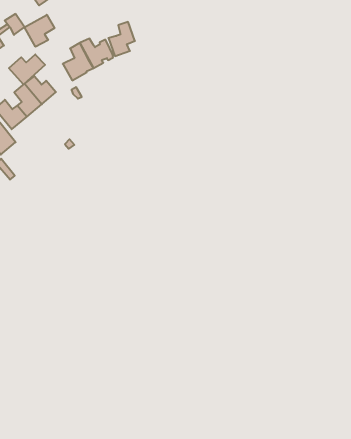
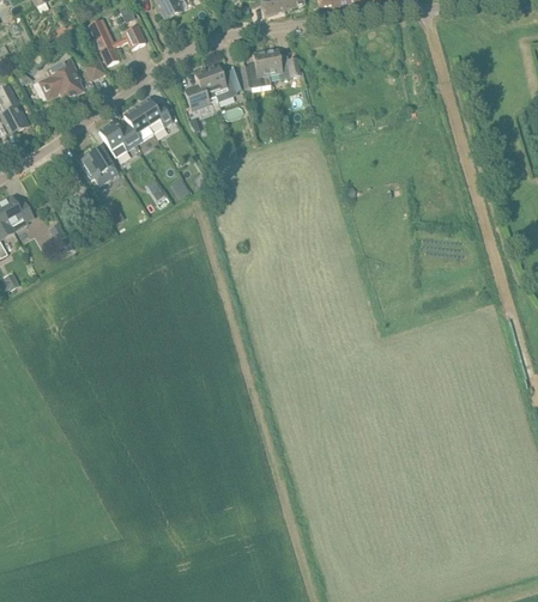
building: [24,15,54,47] -> none
building: none -> [265,48,307,87]
building: [9,54,45,85] -> none

